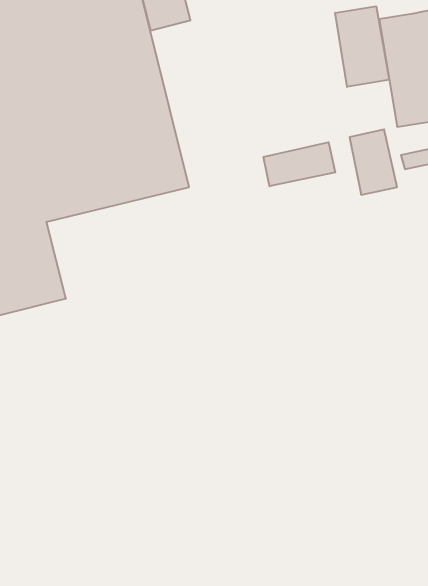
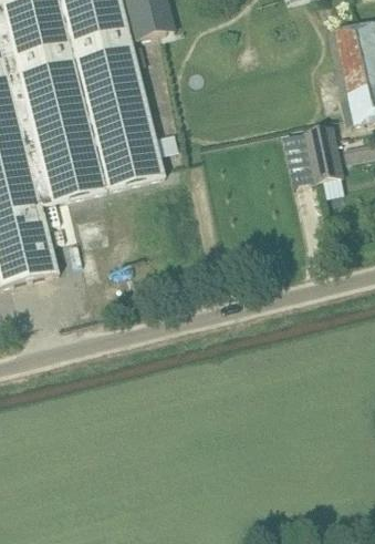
building: [335,6,389,87] -> none
building: [264,142,335,186] -> none

